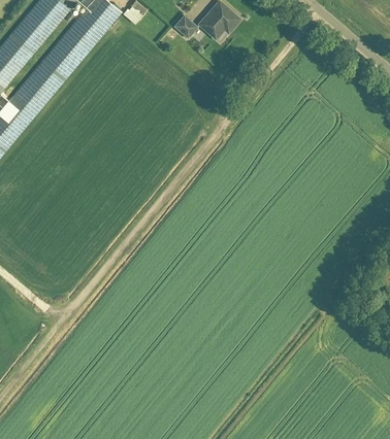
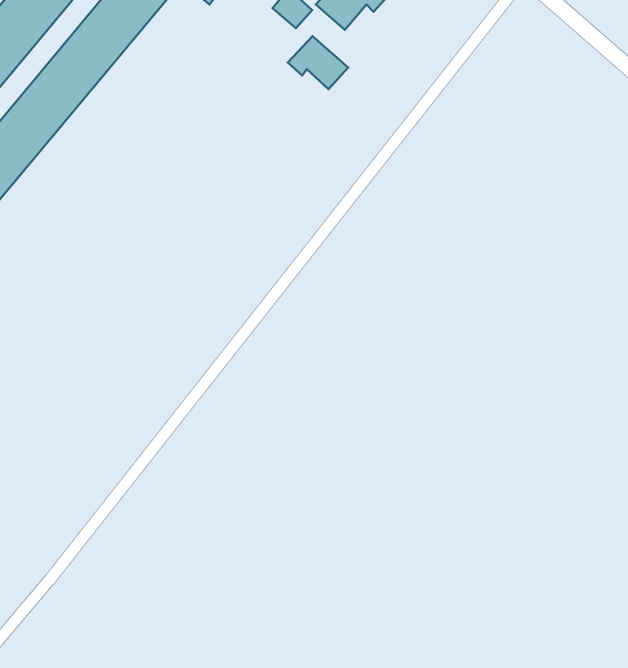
building: none -> [288,36,348,89]

